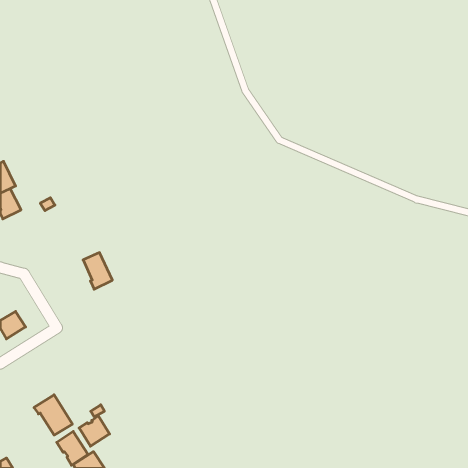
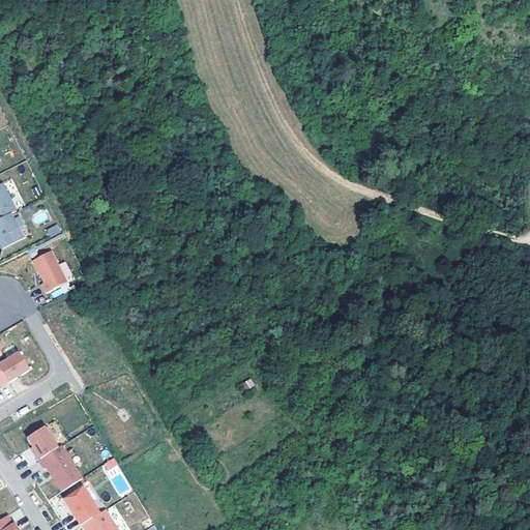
building: [83,253,112,289] -> [33,251,66,292]
building: none -> [26,426,58,461]
building: [79,416,110,446] -> none

